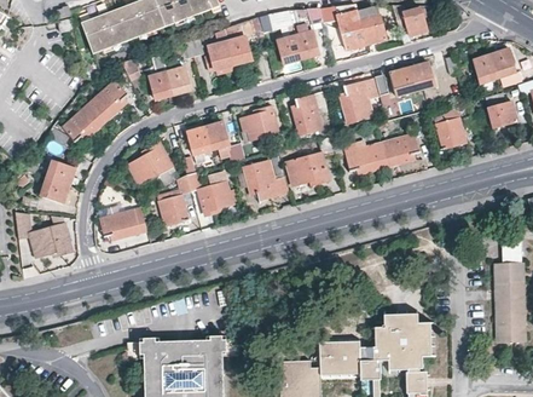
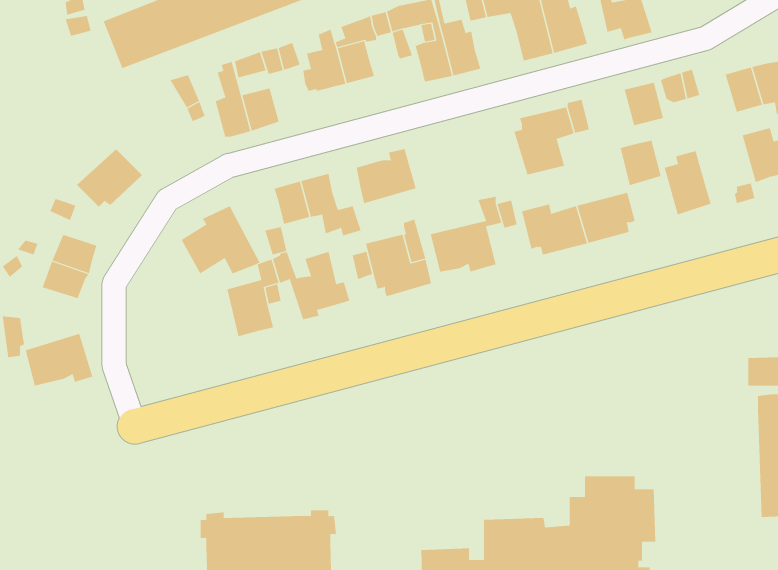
building: [389,68,416,97] -> [620,140,662,186]
building: [87,81,127,122] -> none
building: [291,91,324,133] -> none
building: [100,207,147,240] -> none

